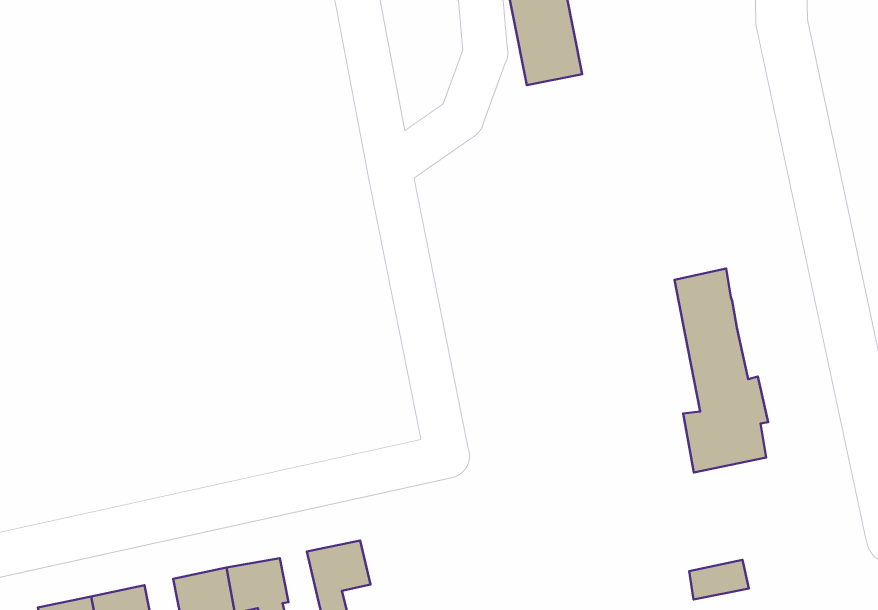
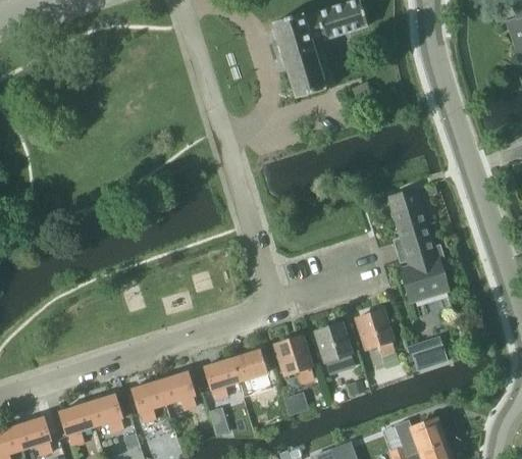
building: none -> [357,310,395,358]
building: none -> [316,323,352,362]
building: none -> [275,337,313,384]
building: none -> [231,349,268,390]

